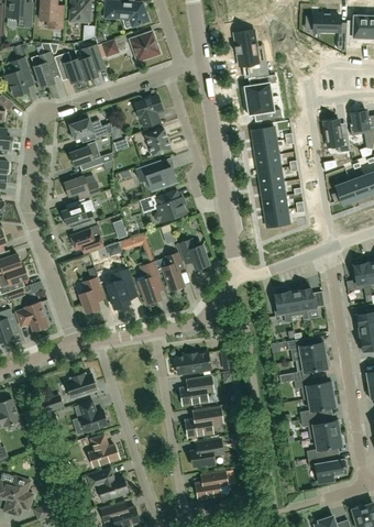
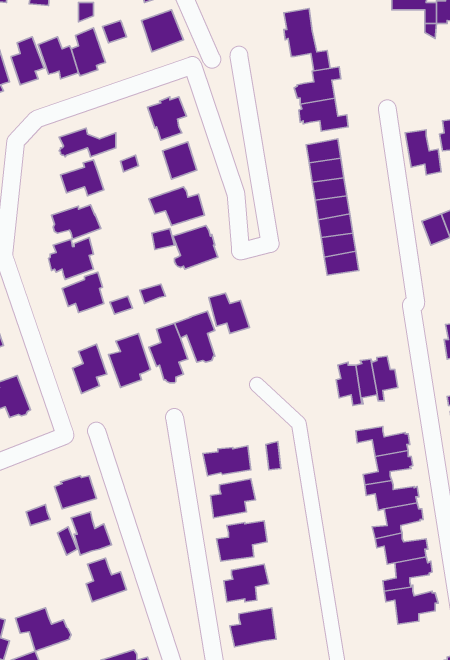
building: [88,469,129,501] -> [16,608,71,651]

